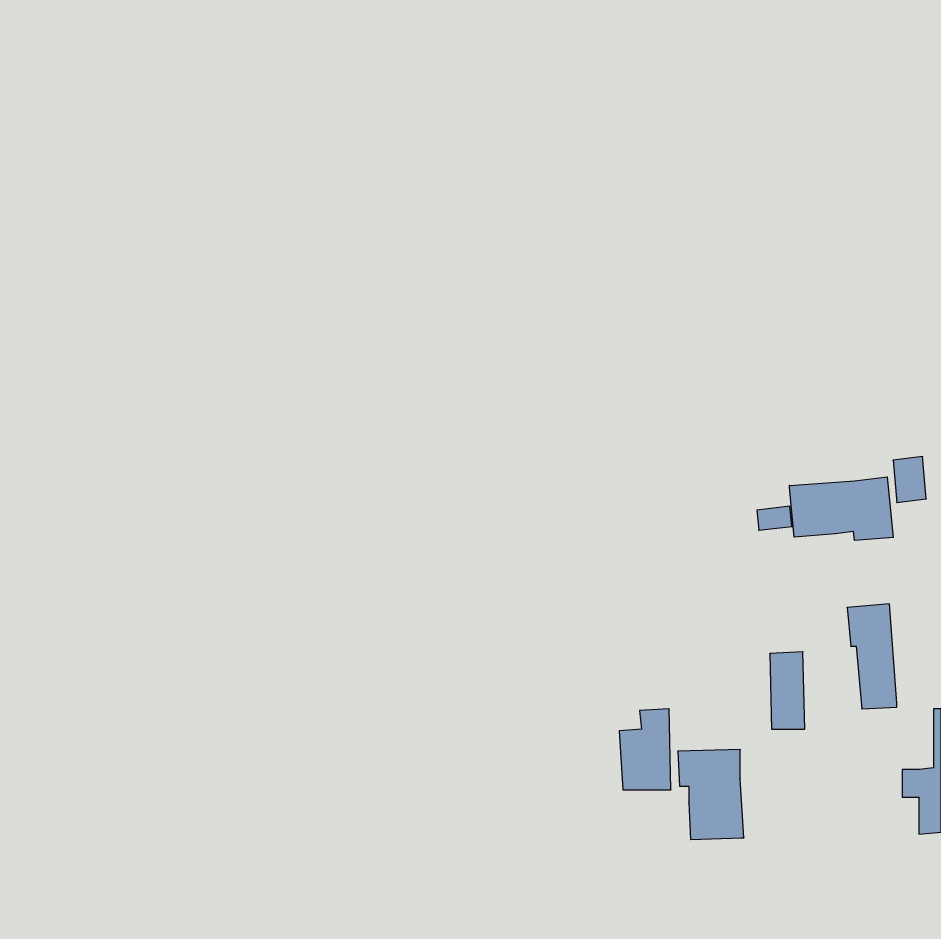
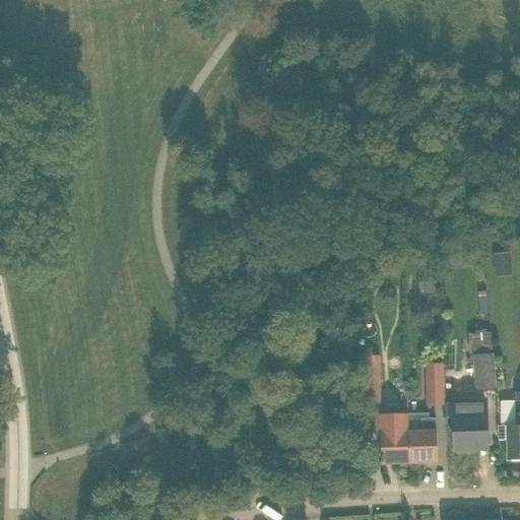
building: [789,477,893,540] -> none
building: [619,709,671,790] -> [408,417,437,462]
building: none -> [453,398,486,449]

